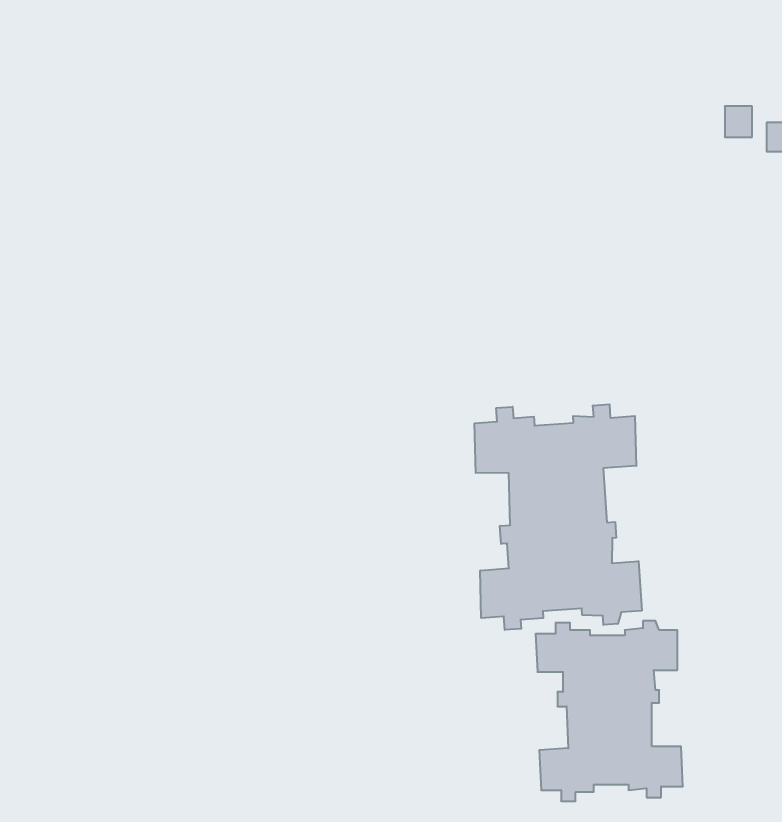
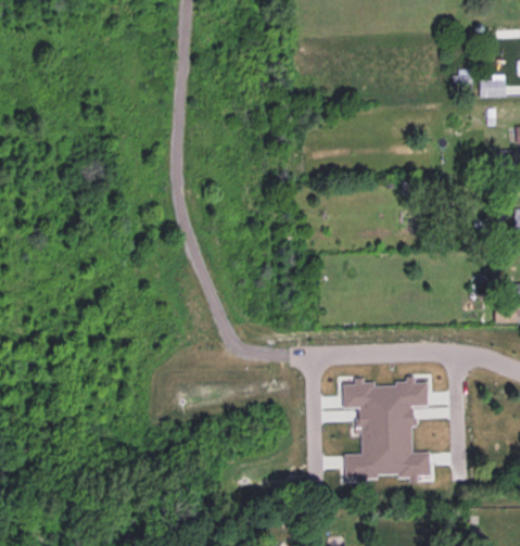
building: [475,404,642,630] -> none

